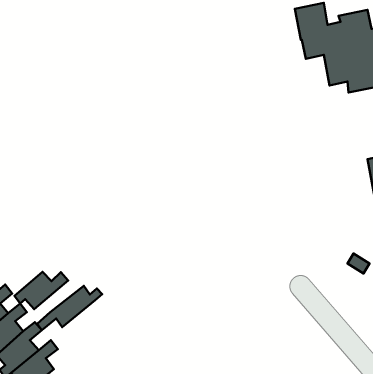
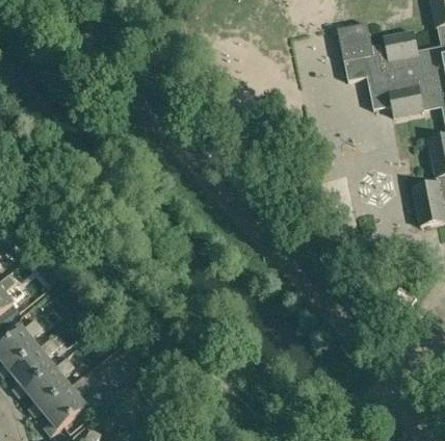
building: [15,272,68,309] -> none
building: [37,286,102,330] -> none

